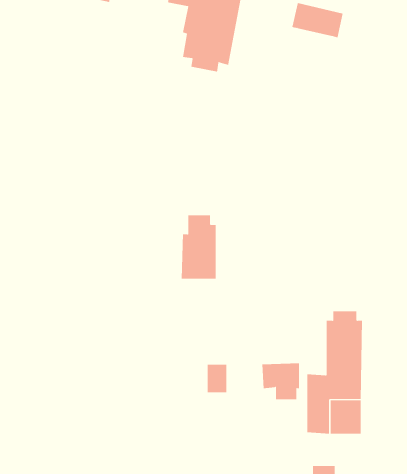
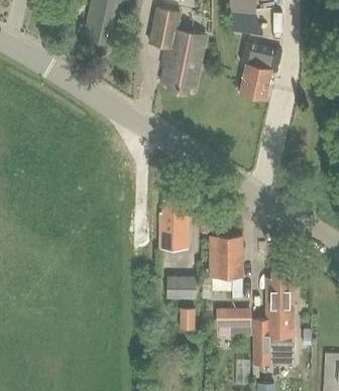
building: none -> [239,62,271,99]
building: none -> [209,237,241,277]
building: none -> [165,276,195,298]

